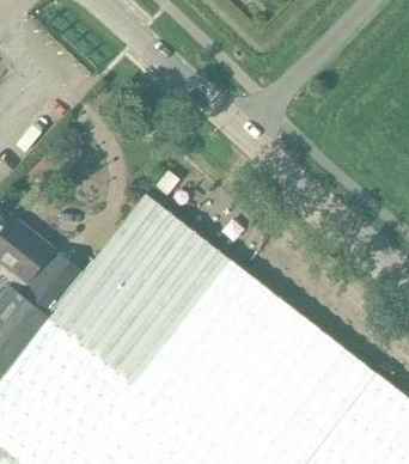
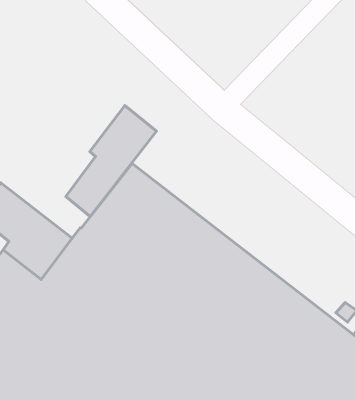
building: none -> [66,106,156,217]

